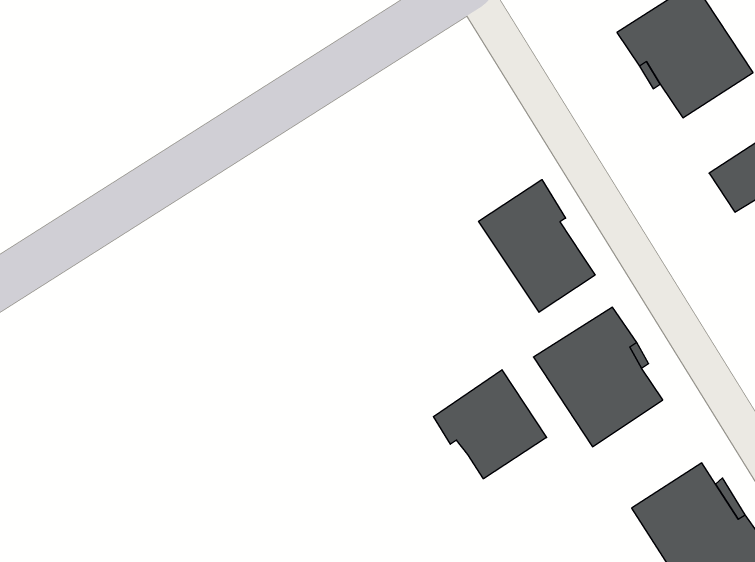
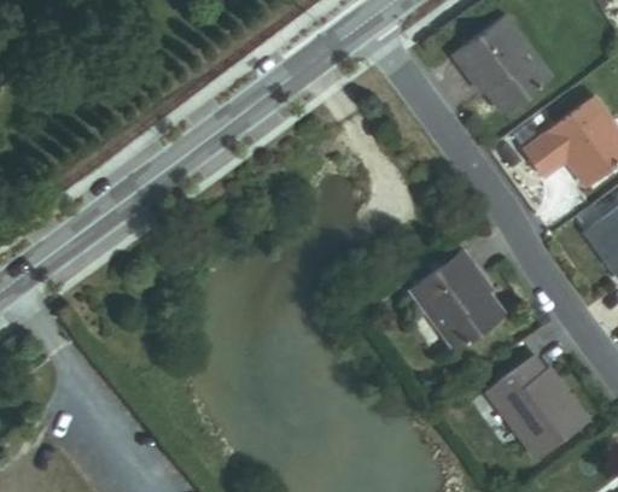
building: [479,180,595,312] -> none
building: [433,370,547,479] -> none

